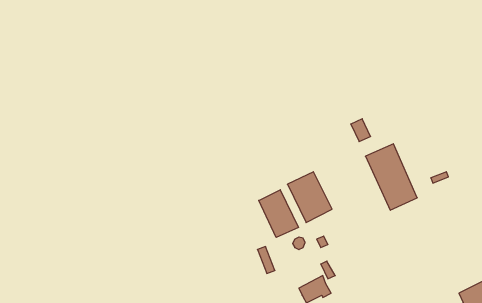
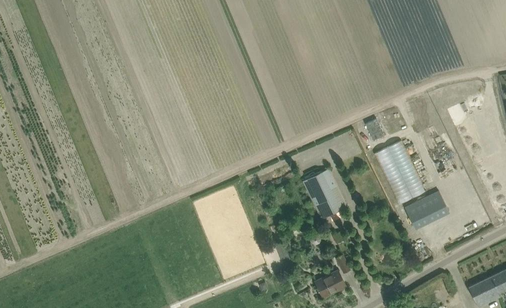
building: [259,190,299,237] -> none
building: none -> [405,191,449,229]

